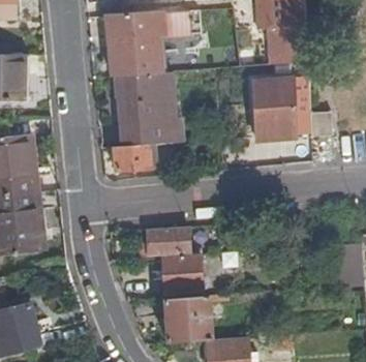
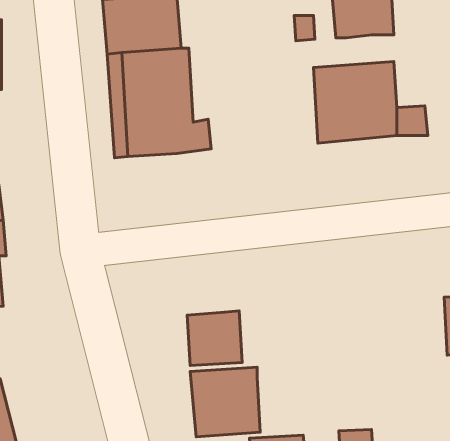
building: [112,144,160,173] -> none
building: [148,227,191,257] -> none

